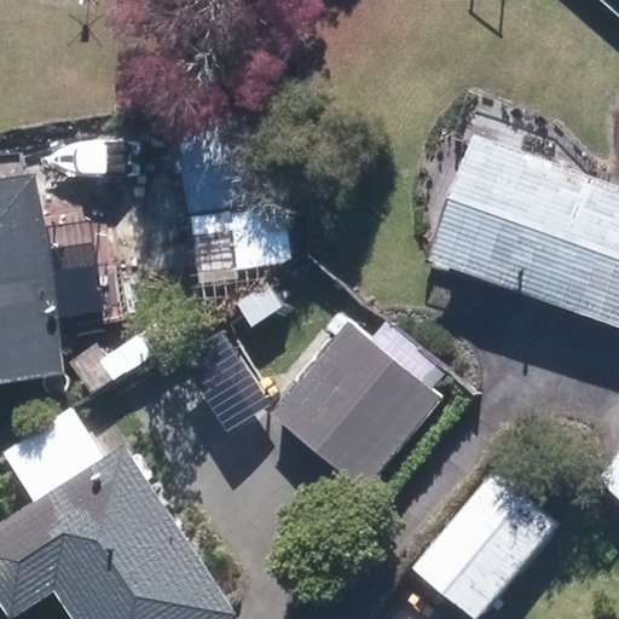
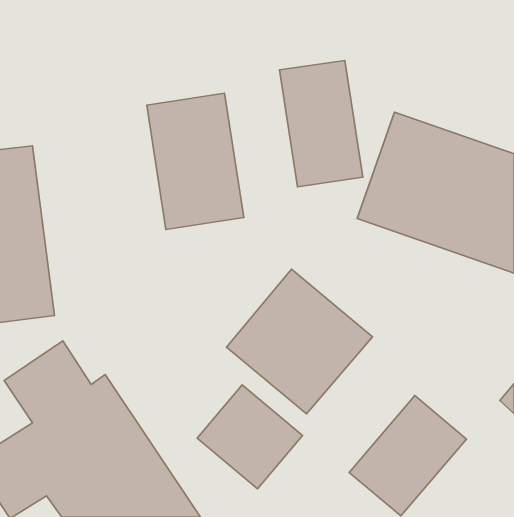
building: none -> [279,60,363,187]
building: none -> [197,385,303,489]

